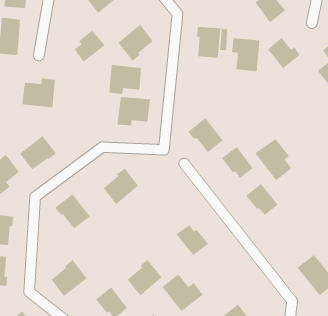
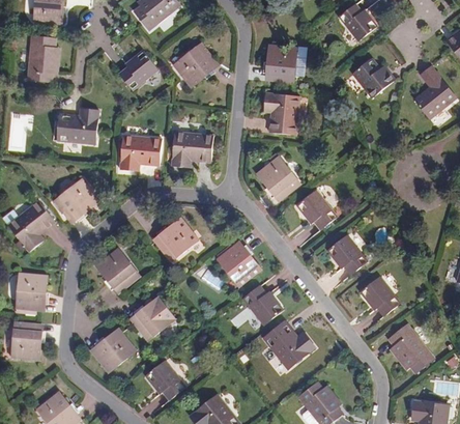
building: [231,38,260,72] -> [263,93,298,135]
building: [108,65,142,94] -> [120,134,161,170]
building: [255,138,292,181] -> none
building: none -> [217,243,261,286]
building: none -> [361,277,400,315]
building: [127,259,163,296] -> [132,296,175,341]
building: [161,273,203,312] -> [263,321,314,368]

